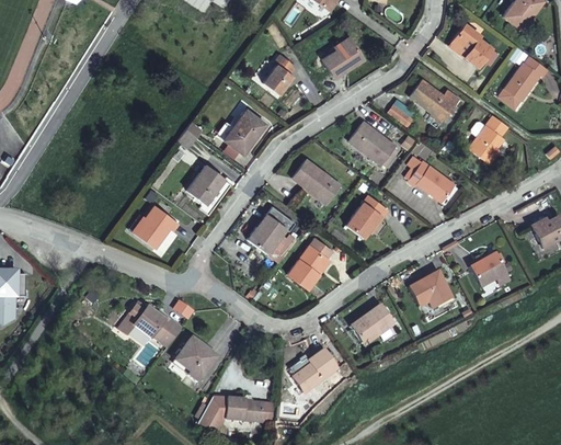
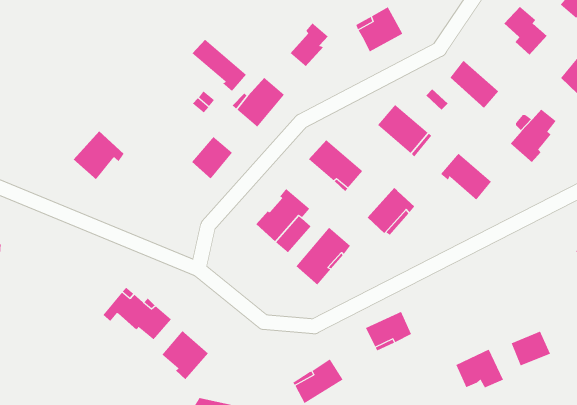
building: none -> [191,39,247,92]
building: [136,204,181,248] -> [73,131,124,180]
building: [469,253,505,286] -> [511,331,551,366]
building: [410,272,454,308] -> [455,349,504,388]

